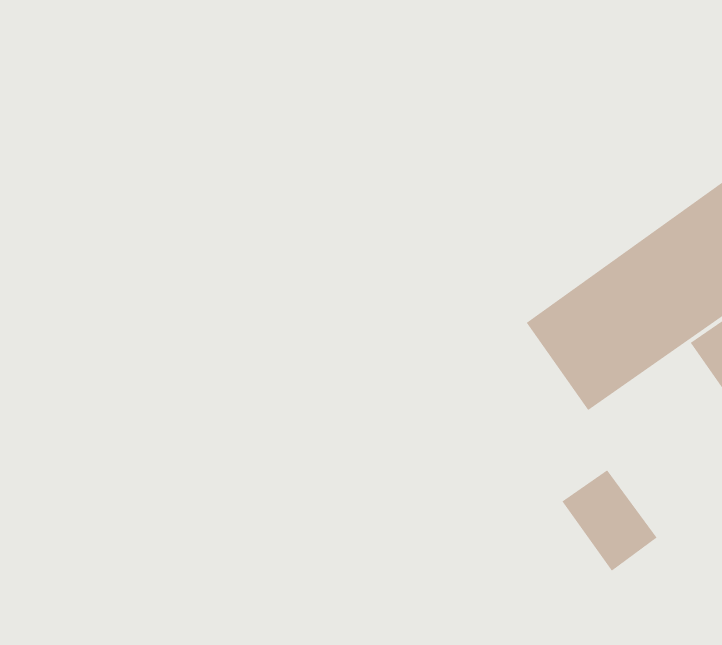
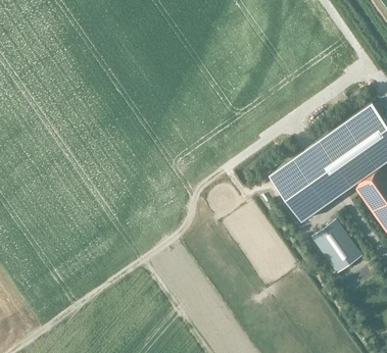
building: [561,469,657,571] -> [311,221,360,273]

